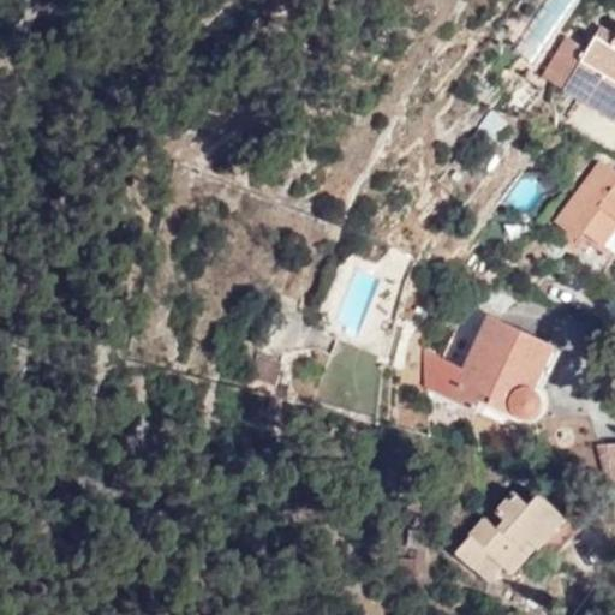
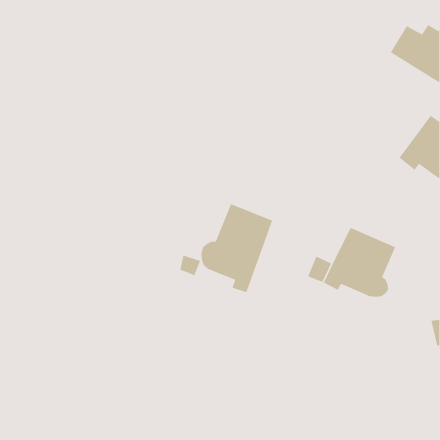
building: none -> [201,203,273,293]
building: [458,489,590,580] -> none

